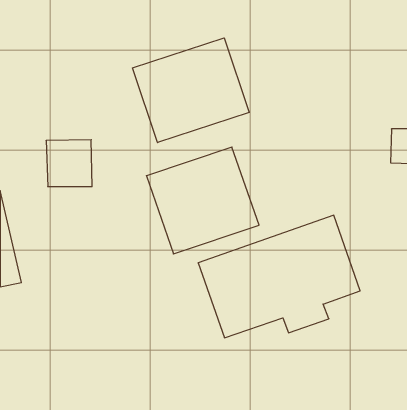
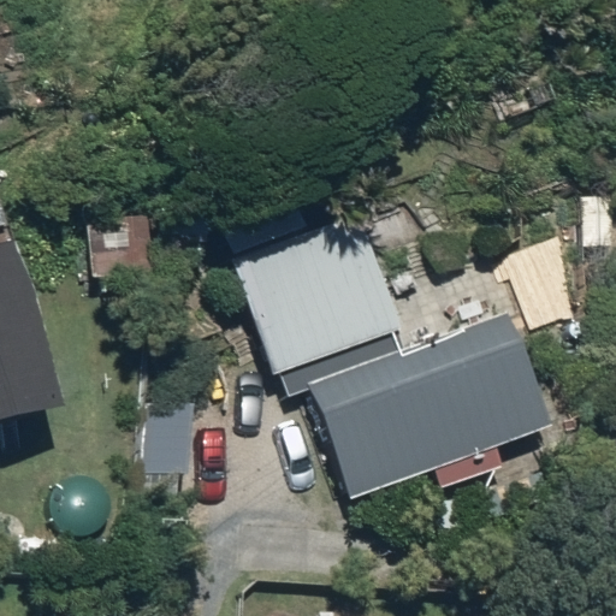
building: [133,38,249,143] -> none

